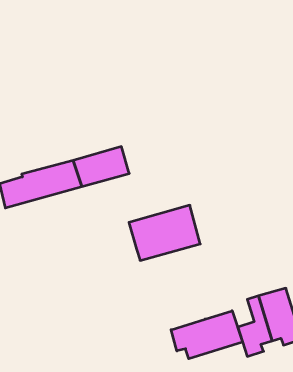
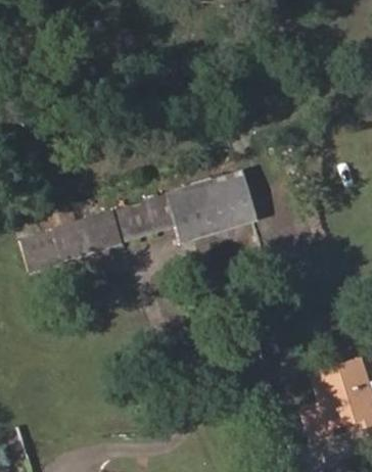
building: [129,205,200,260] -> [167,175,251,240]
building: [171,311,243,359] -> none

